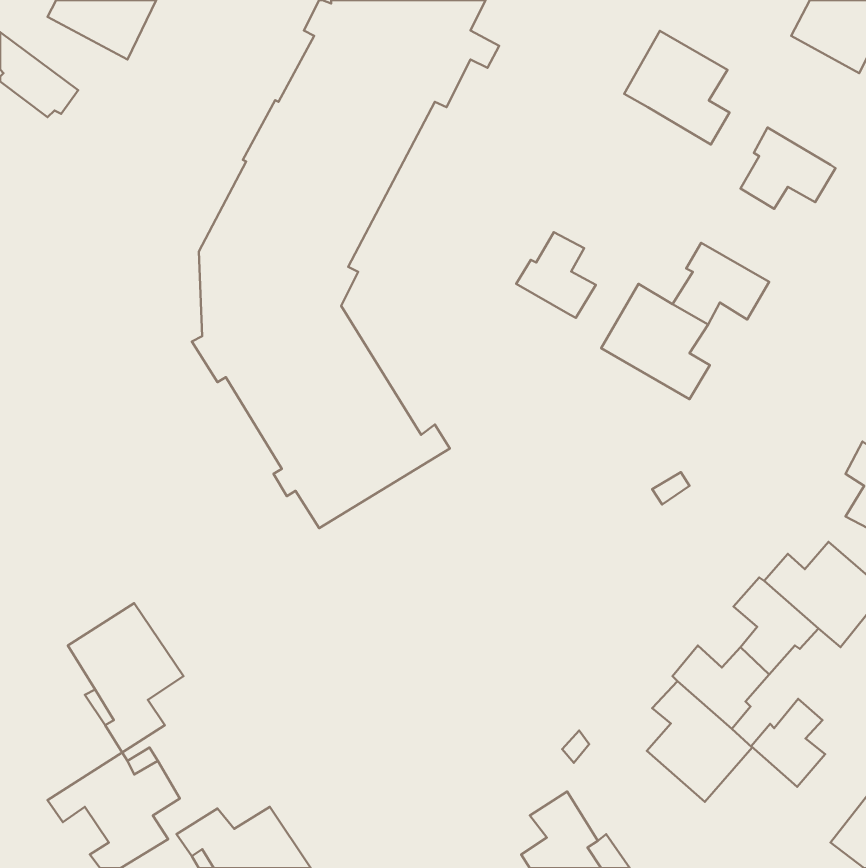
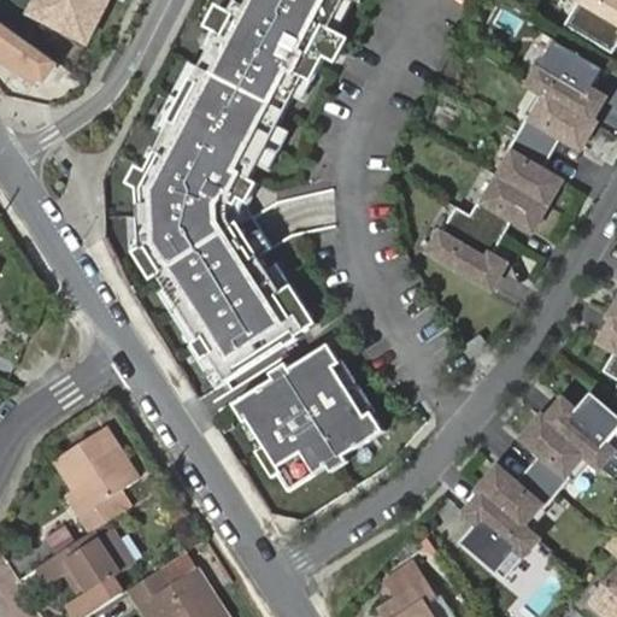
building: [624,31,729,145] -> [529,36,604,117]
building: none -> [499,134,560,200]
building: [516,232,596,318] -> none
building: none -> [236,340,386,486]
building: [751,699,825,787] -> none

